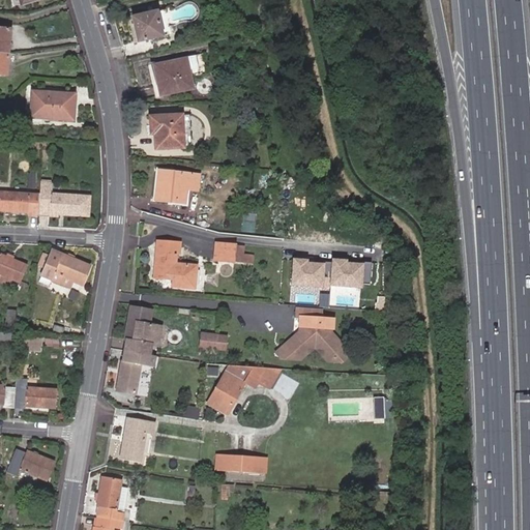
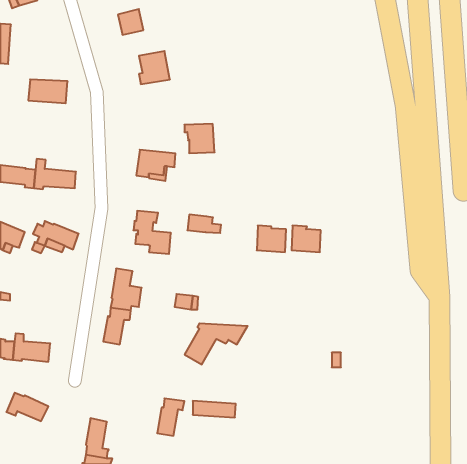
building: [149,115,183,148] -> [184,124,215,153]
building: [276,307,349,360] -> none
building: [120,417,151,460] -> [157,398,184,436]

